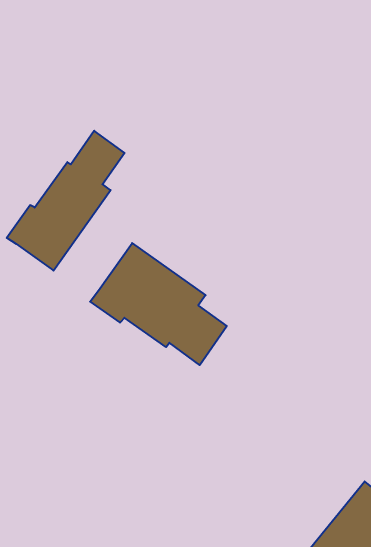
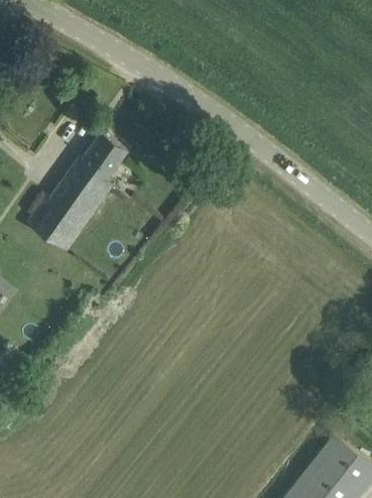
building: [90,243,227,365] -> none

